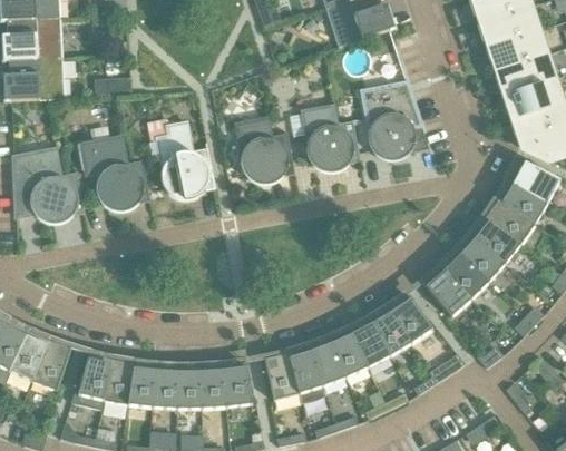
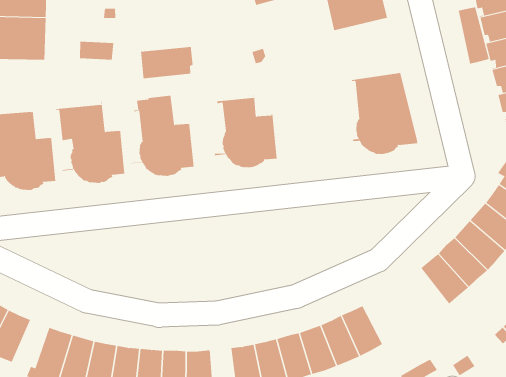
building: none -> [458,6,490,64]
building: none -> [140,46,194,79]
building: [296,102,360,173] -> none
building: [422,267,470,317] -> none
building: [388,294,432,343] -> none

